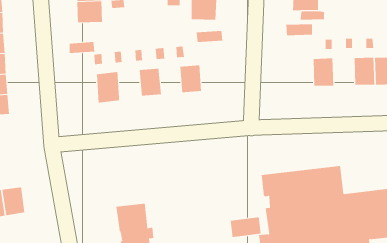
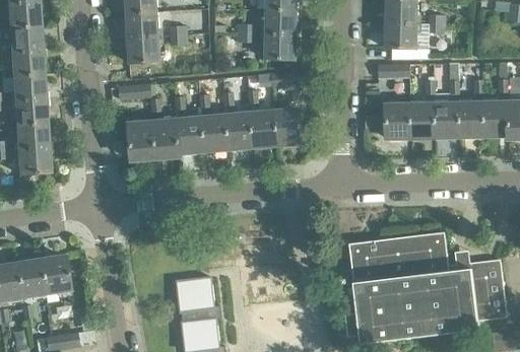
building: none -> [434,103,459,137]
building: none -> [385,104,410,138]
building: none -> [275,110,301,143]
building: none -> [226,114,253,147]
building: none -> [178,118,205,151]
building: none -> [125,123,153,158]
building: [230,217,261,238] -> none

